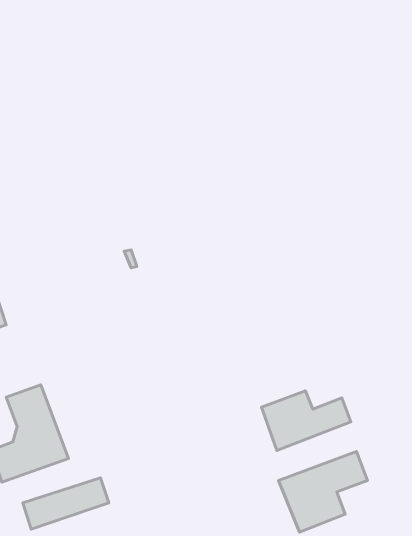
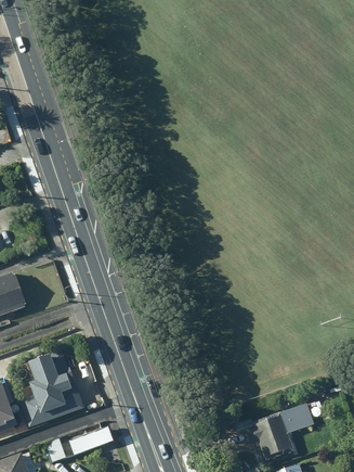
building: [261,391,351,451] -> none

